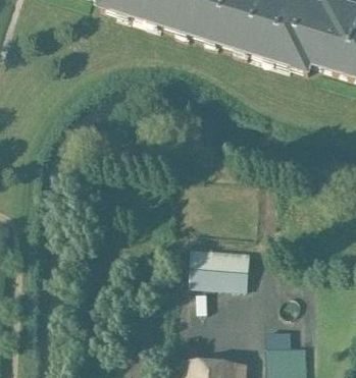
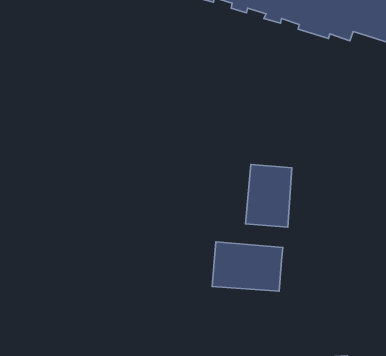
building: none -> [246,165,292,227]

